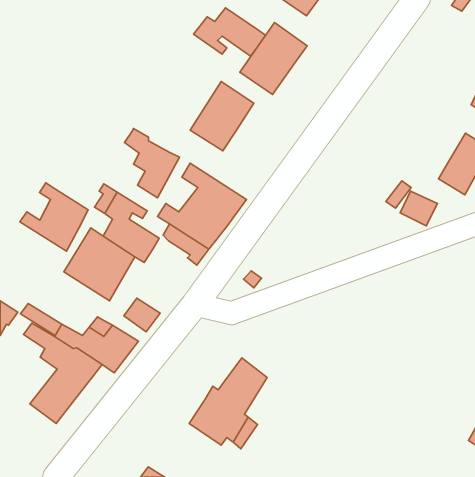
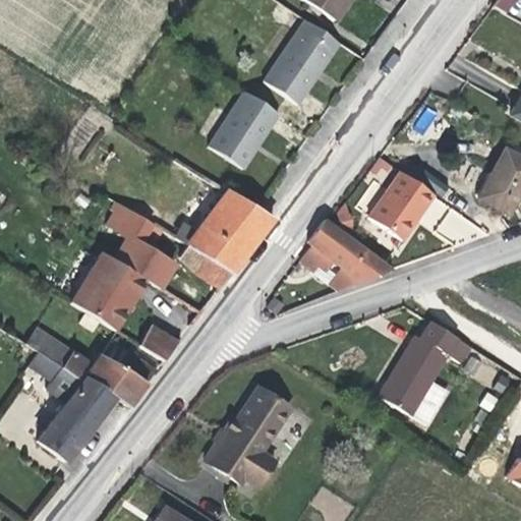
building: [194,8,265,56] -> none
building: [125,129,179,198] -> none
building: none -> [364,168,429,237]
building: [20,183,88,251] -> none
building: none -> [300,219,389,286]
building: none -> [381,326,477,436]

